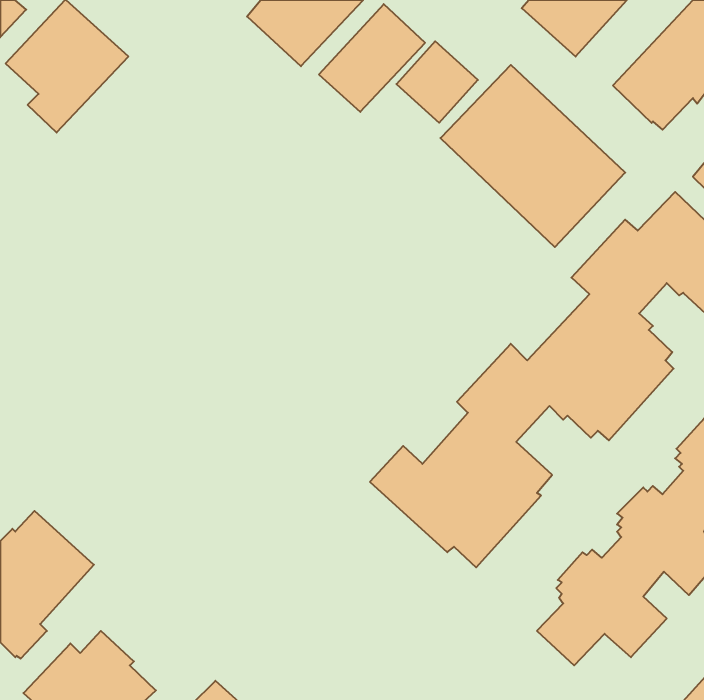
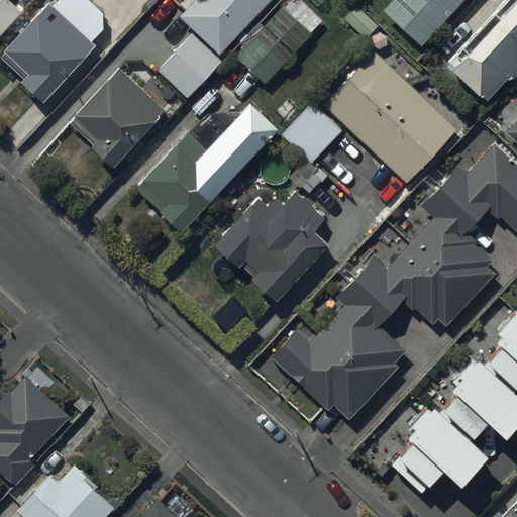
building: none -> [158,33,222,99]
building: [396,41,478,123] -> [282,104,341,164]
building: none -> [71,67,167,167]
building: none -> [135,103,279,232]
building: none -> [214,192,328,302]

